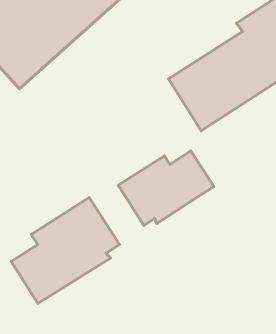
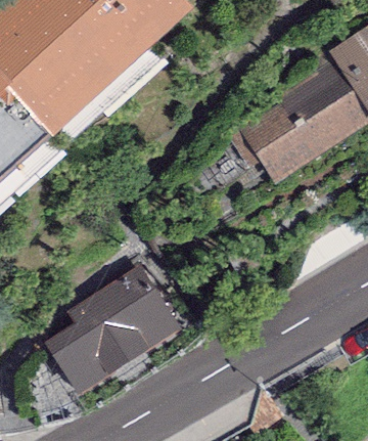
building: [118,151,214,225] -> none

